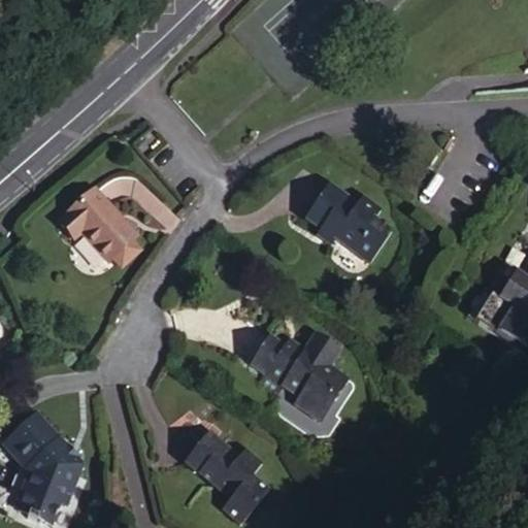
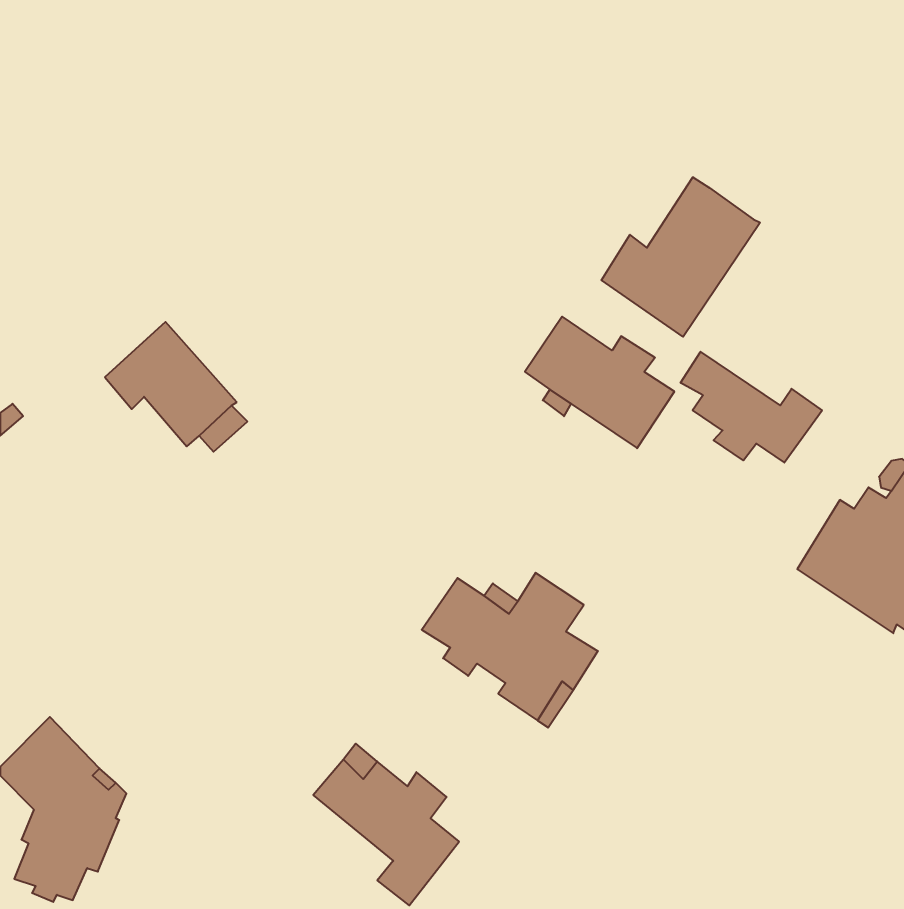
building: none -> [601,177,760,337]
building: none -> [681,352,822,463]

